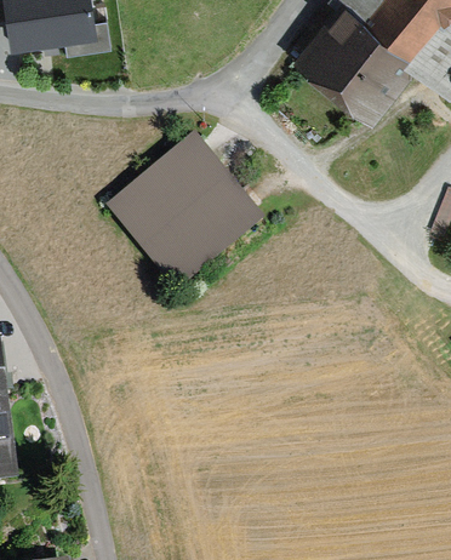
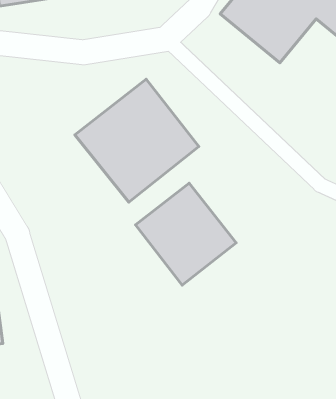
building: none -> [135,183,236,285]

